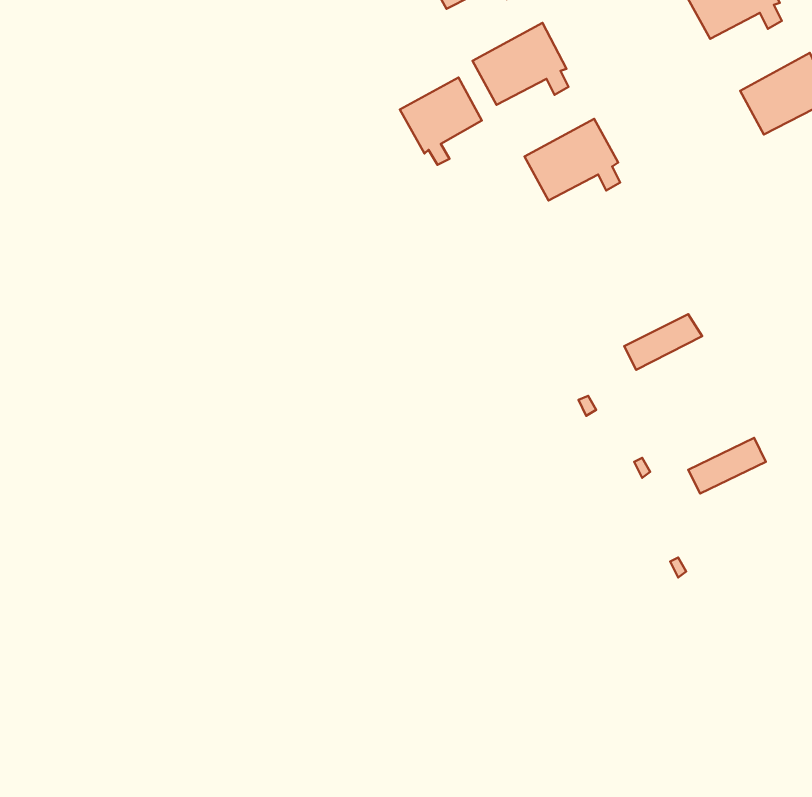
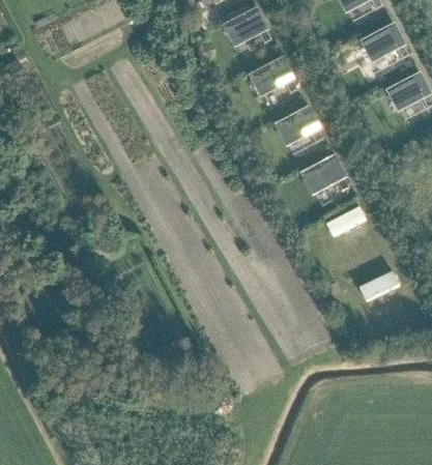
building: [400,77,482,165] -> none
building: none -> [299,152,349,195]

